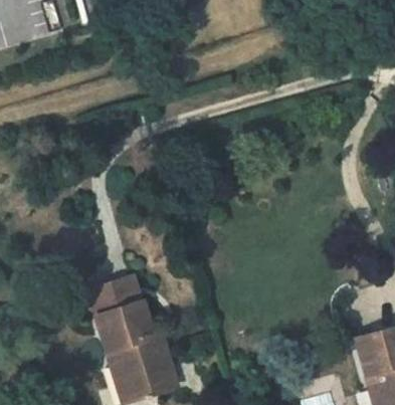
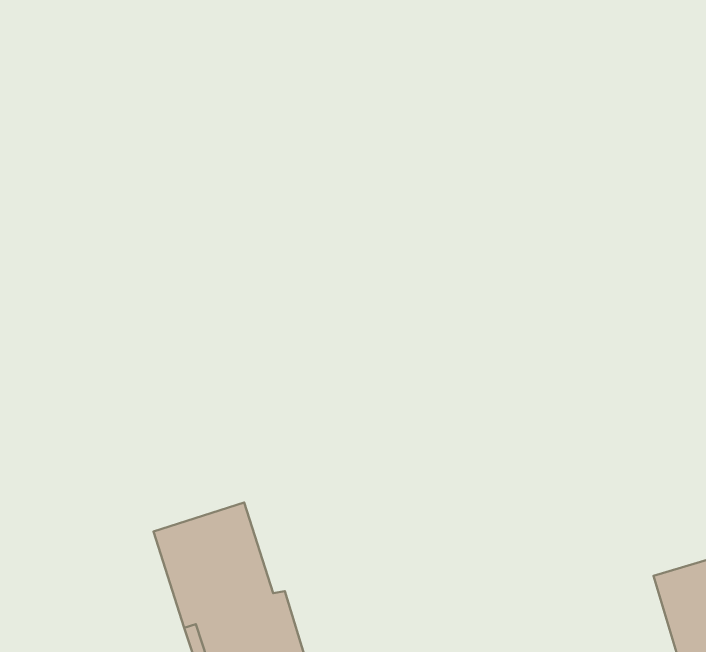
building: [88,277,143,316] -> none

